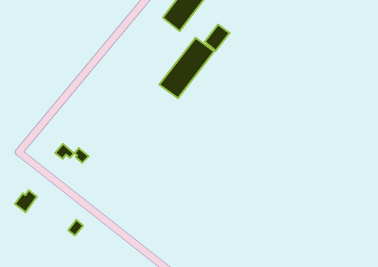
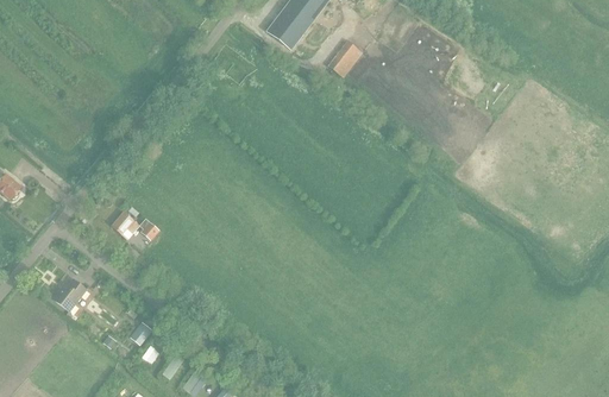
building: [159,38,214,98] -> none

